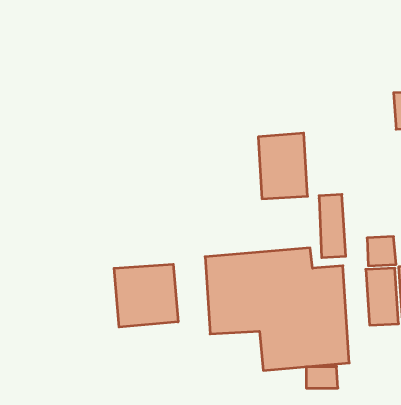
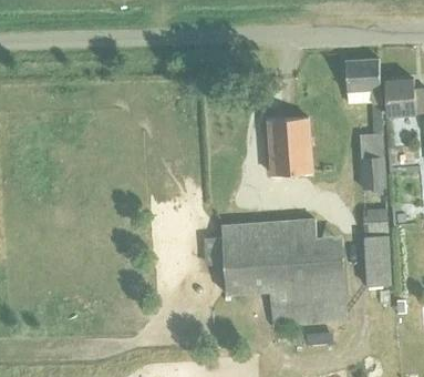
building: none -> [344,58,381,108]
building: [319,194,346,258] -> [362,136,385,192]
building: [114,264,178,327] -> none

